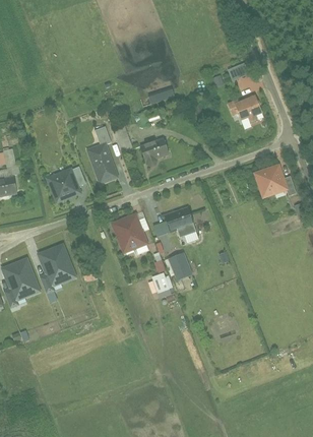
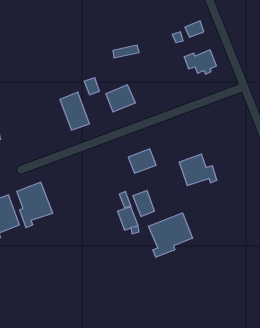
building: [253,163,296,198] -> [179,154,217,186]
building: [45,167,82,204] -> none
building: [110,212,149,255] -> none
building: none -> [148,213,193,257]

